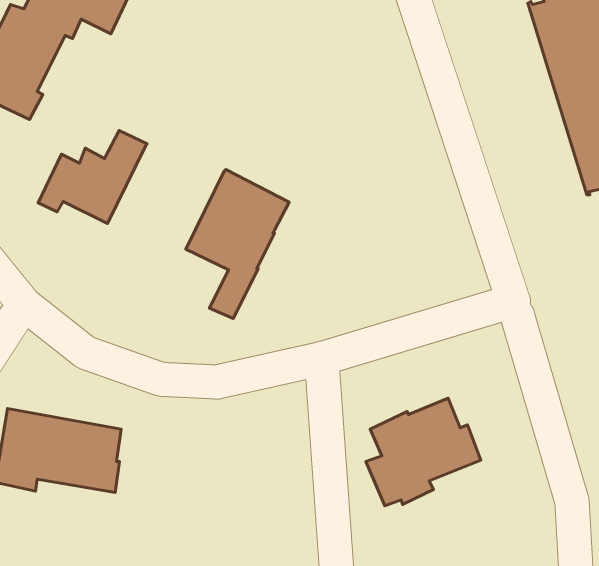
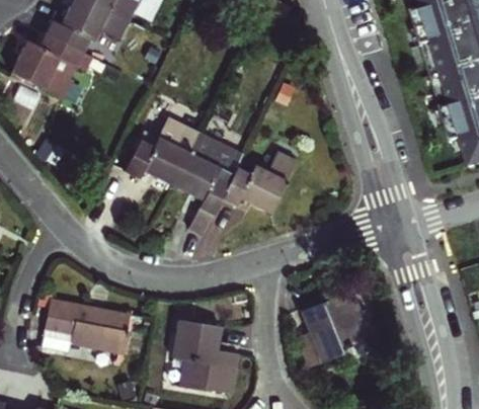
building: [38,131,147,224] -> [126,124,201,187]
building: none -> [222,150,299,215]
building: none -> [172,319,239,392]

